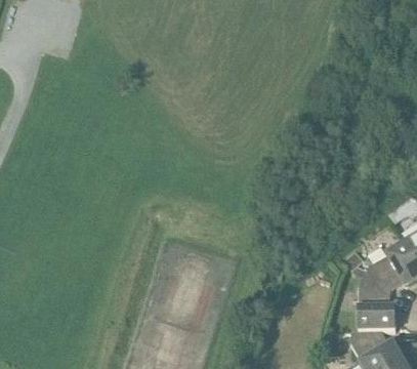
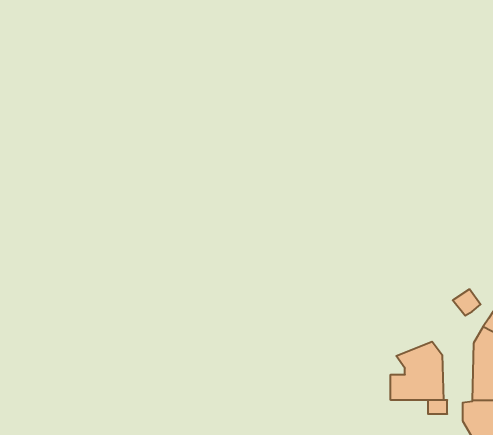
building: none -> [391,342,443,400]

